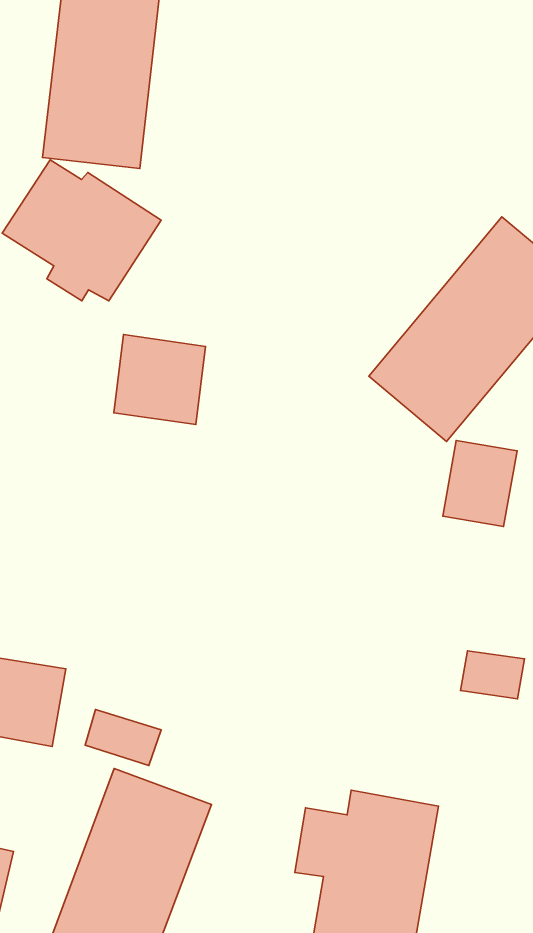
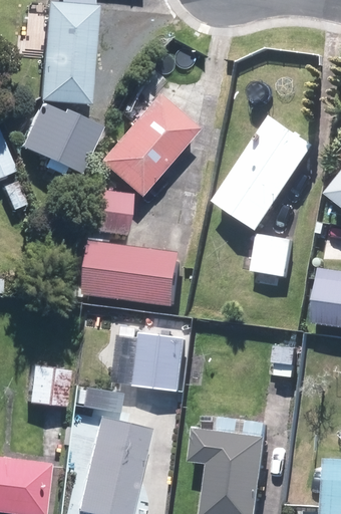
building: none -> [97,90,199,197]
building: none -> [88,240,186,308]
building: none -> [140,339,188,387]

